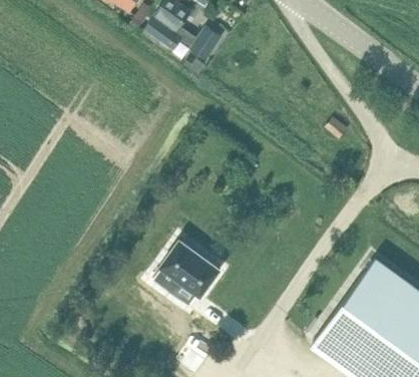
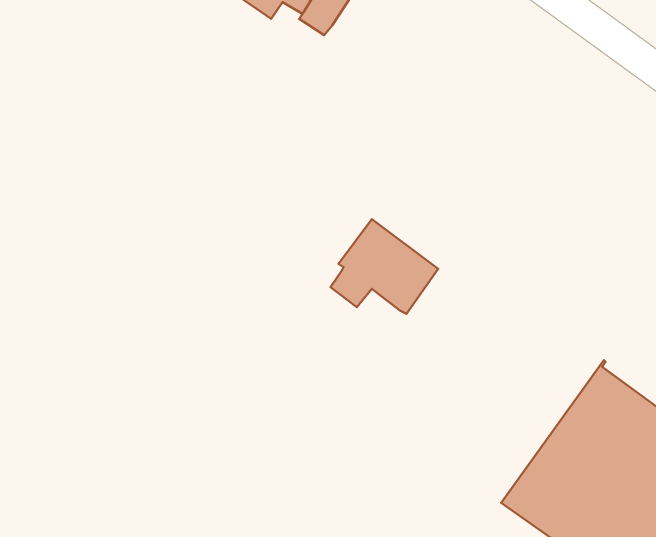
building: [155,240,221,297] -> [330,219,438,314]

